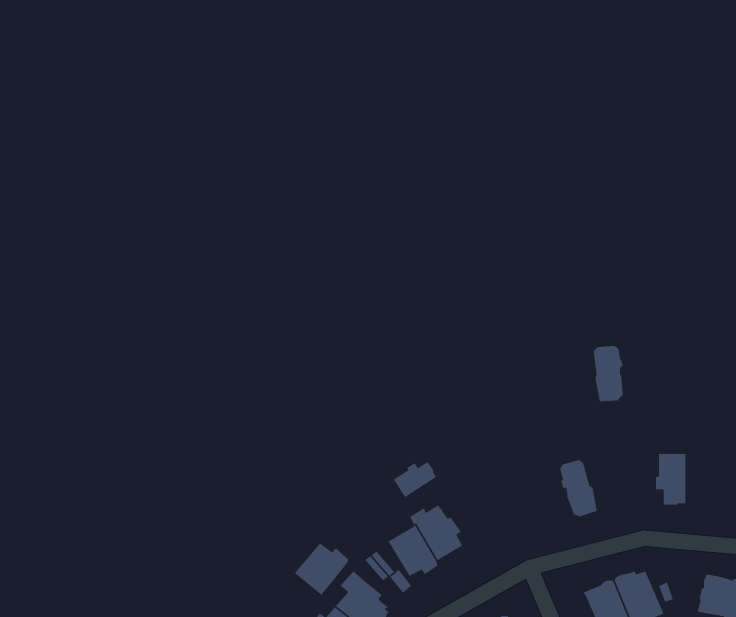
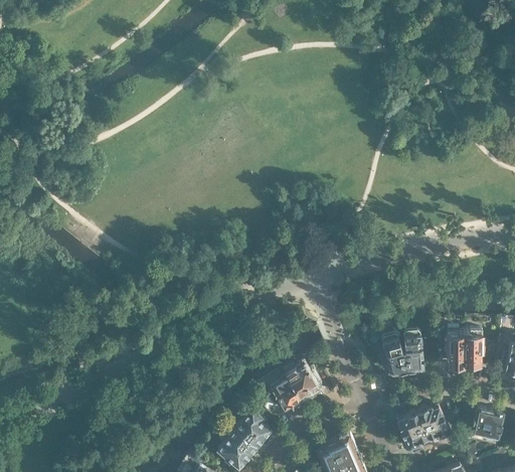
building: [593,345,624,402] -> [403,331,423,368]
building: none -> [465,330,485,366]
building: [393,461,437,498] -> none
building: [294,542,349,596] -> none

